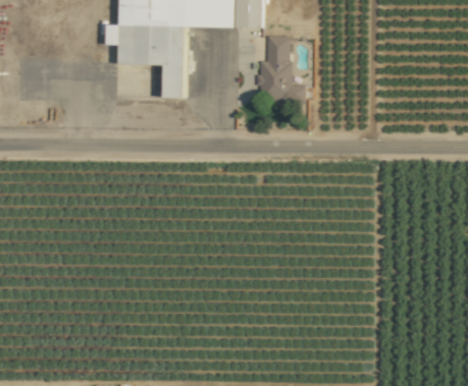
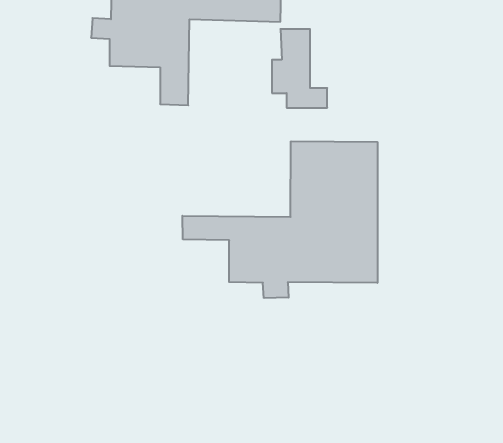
building: none -> [182,141,377,298]

